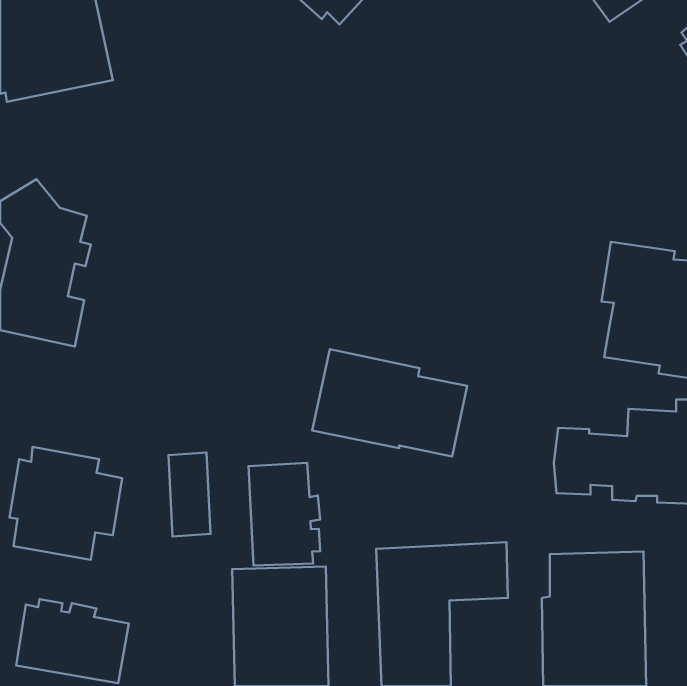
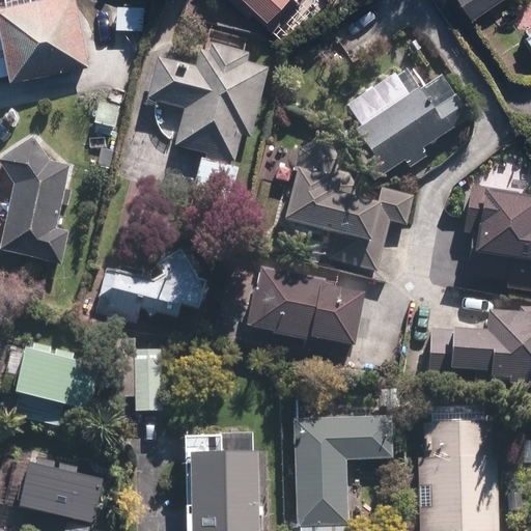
building: none -> [147,43,270,201]
building: none -> [345,74,471,180]
building: none -> [281,172,416,270]
building: none -> [96,243,212,320]
building: [249,463,320,566] -> none

